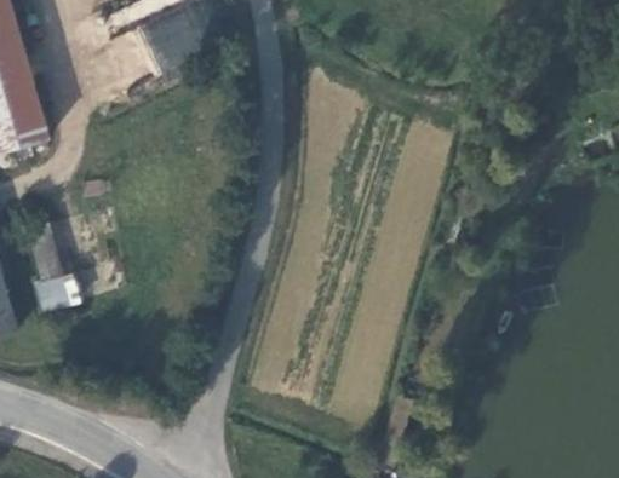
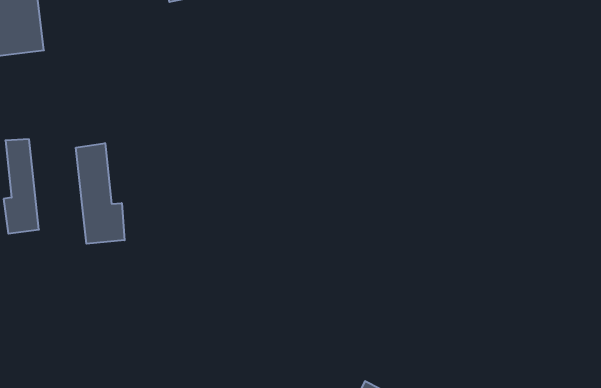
building: none -> [76,143,125,244]

